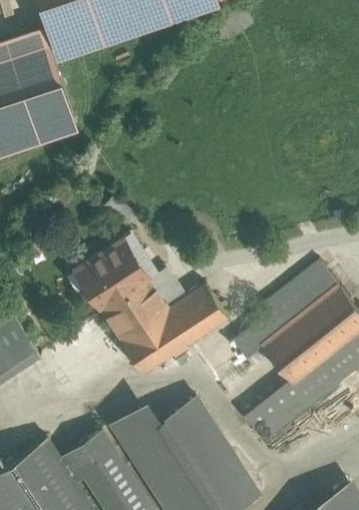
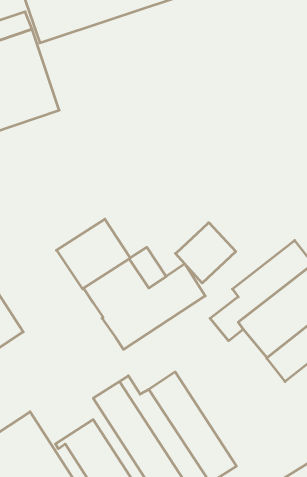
building: none -> [175,223,236,283]
building: [244,384,309,444] -> none
building: [62,433,111,473] -> none

